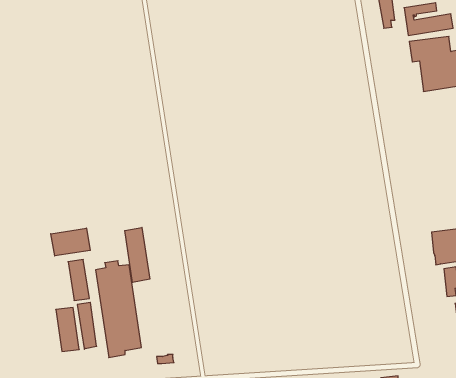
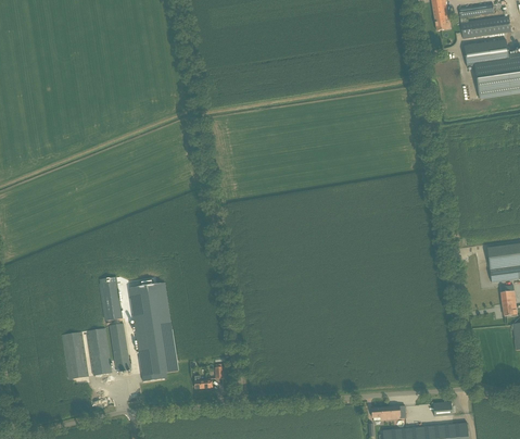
building: [125,227,150,282] -> none
building: [51,228,90,256] -> none
building: none -> [62,331,89,379]

